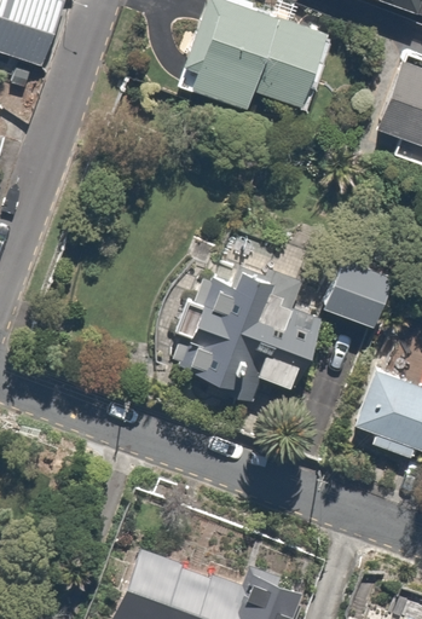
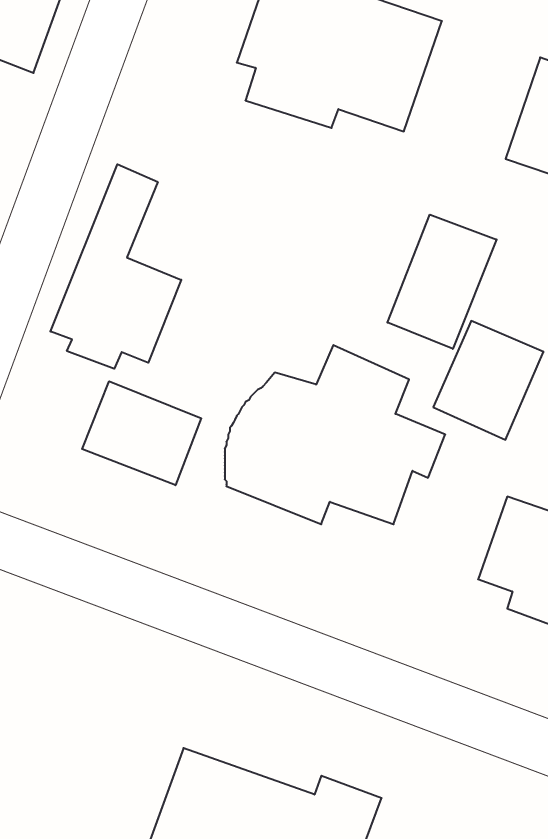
building: none -> [50,164,181,369]
building: none -> [387,215,497,349]
building: none -> [82,381,201,485]

